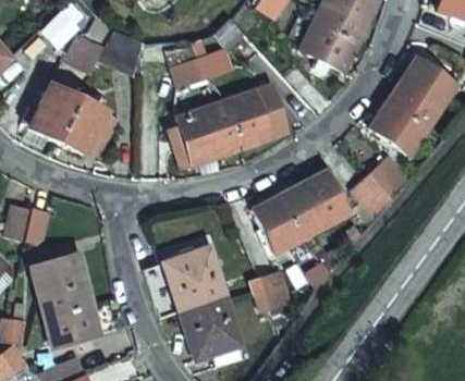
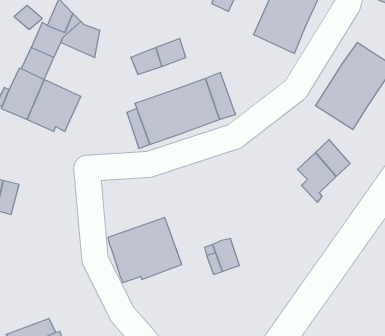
building: [252,172,346,251] -> none
building: [30,254,99,345] -> none
building: [181,297,242,359] -> none

